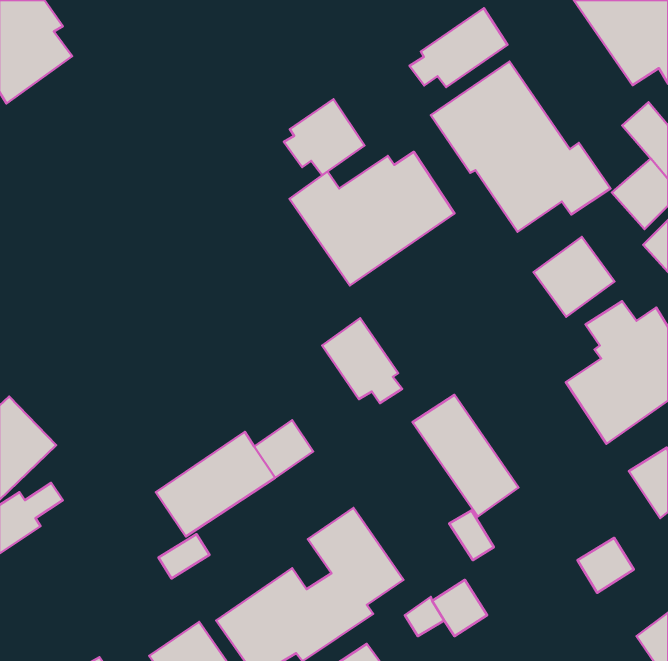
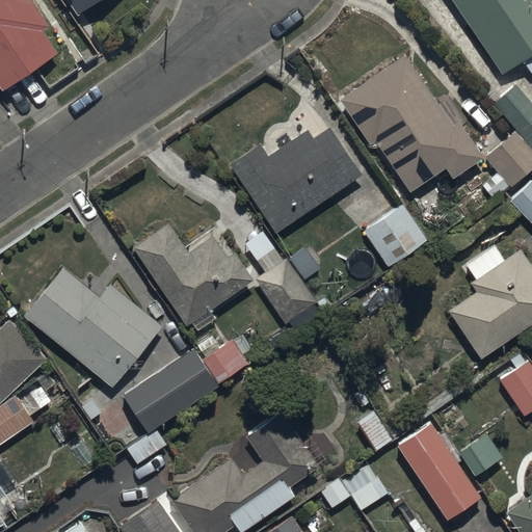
building: [409,8,508,87] -> none
building: [284,99,364,175] -> none
building: [533,237,615,317] -> [363,205,427,268]
building: none -> [133,223,254,325]
building: none -> [23,267,161,389]
building: [412,395,519,516] -> [396,422,480,518]

